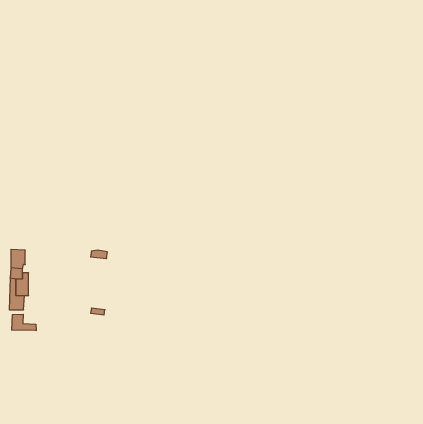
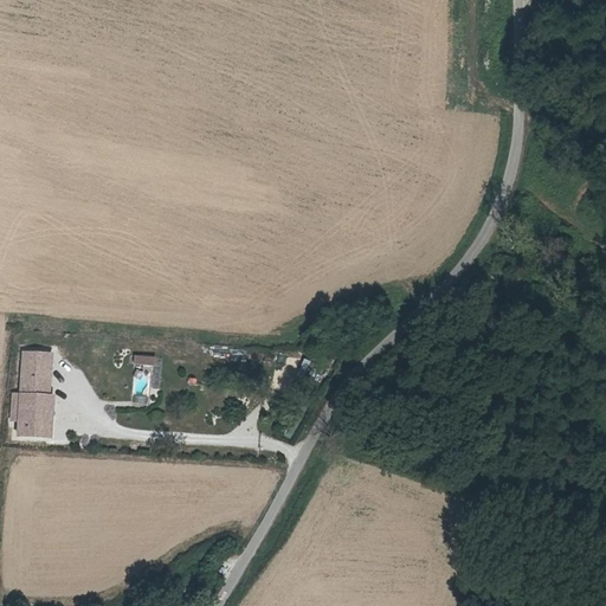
building: [12,314,36,331] -> none

